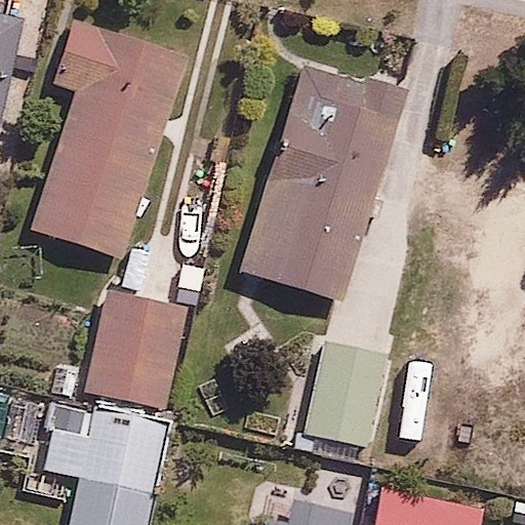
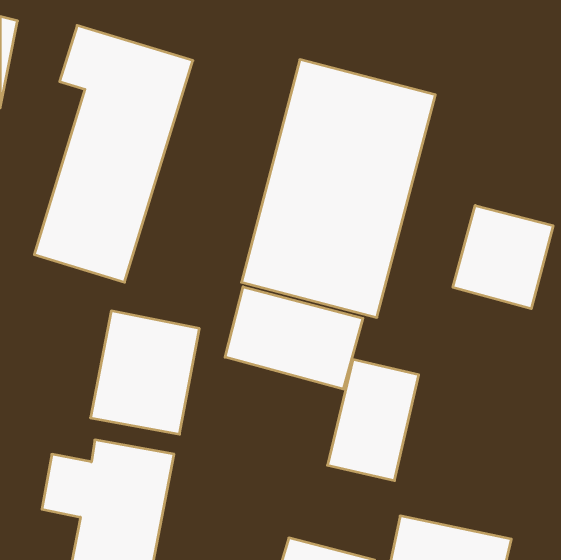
building: none -> [453,205,553,309]
building: none -> [225,287,363,389]

